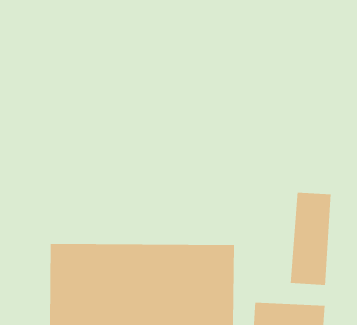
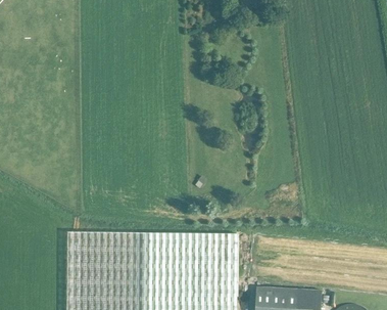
building: [290,192,332,286] -> none

